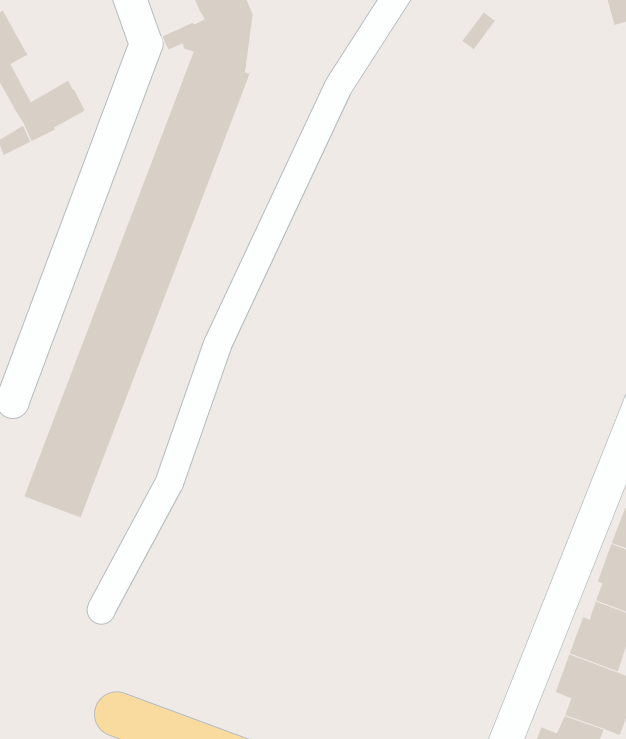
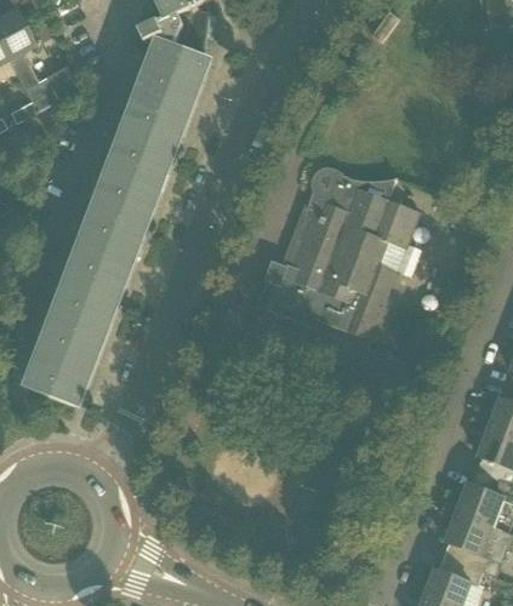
building: none -> [267,166,418,339]

